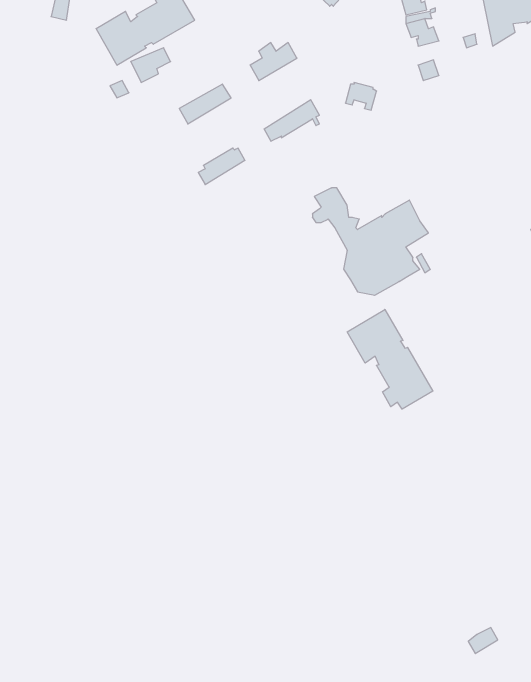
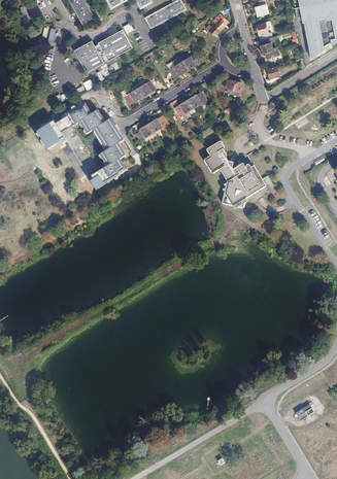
building: none -> [37,103,128,189]
building: [347,309,433,409] -> none

